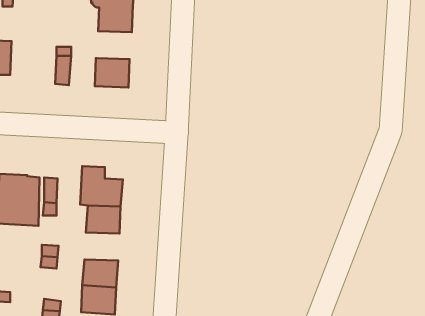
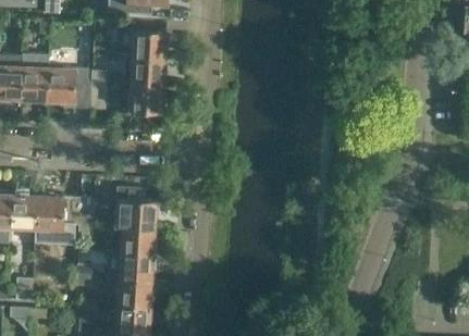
building: none -> [124,57,164,85]
building: none -> [47,67,88,109]
building: none -> [119,252,152,279]

